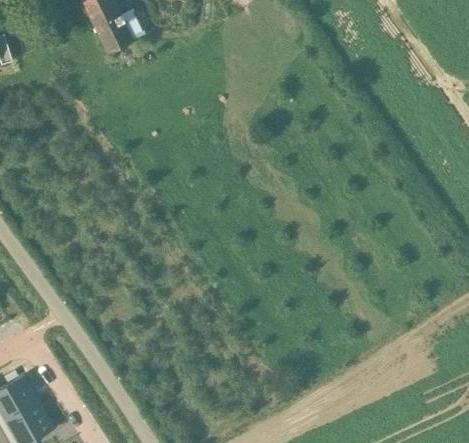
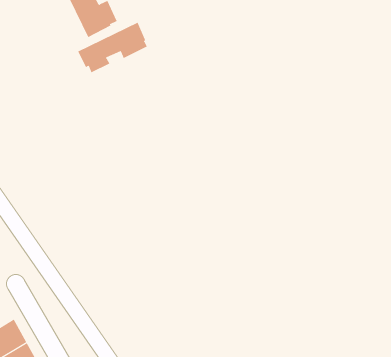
building: none -> [77,22,147,73]

